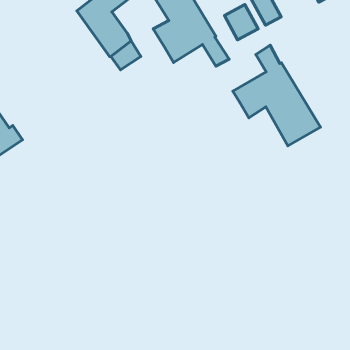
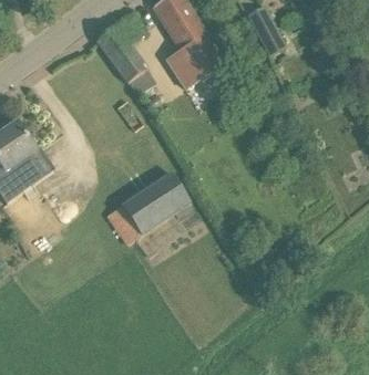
building: [233,45,320,146] -> none
building: none -> [107,171,189,243]

